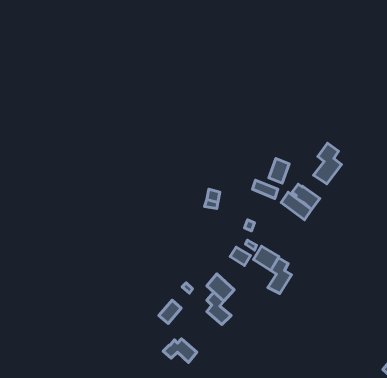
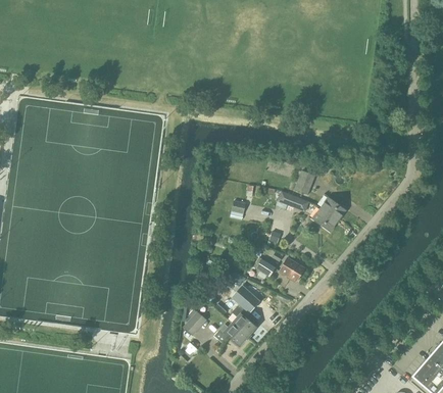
building: [313,143,342,184] -> none
building: [268,258,291,294] -> none
building: [163,339,197,362] -> [215,323,249,346]

